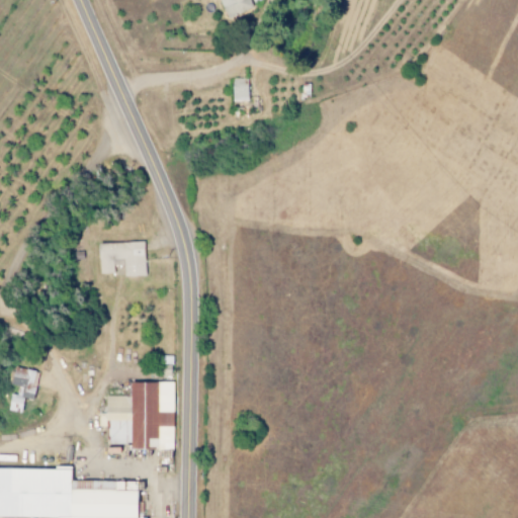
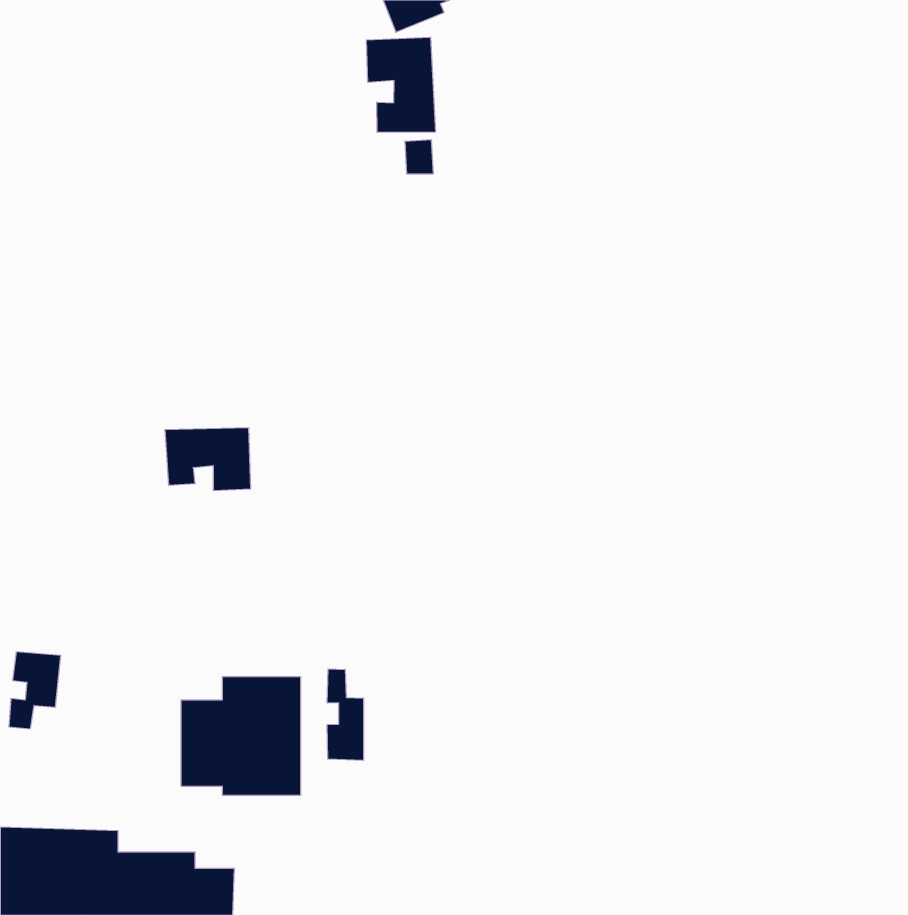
building: none -> [367,37,435,132]
building: none -> [327,669,363,760]

